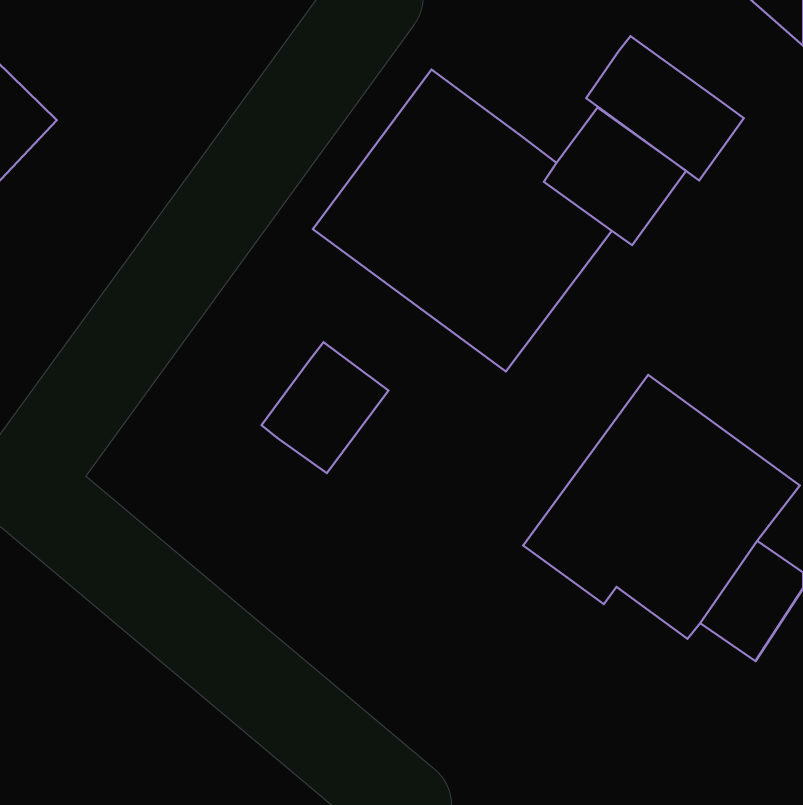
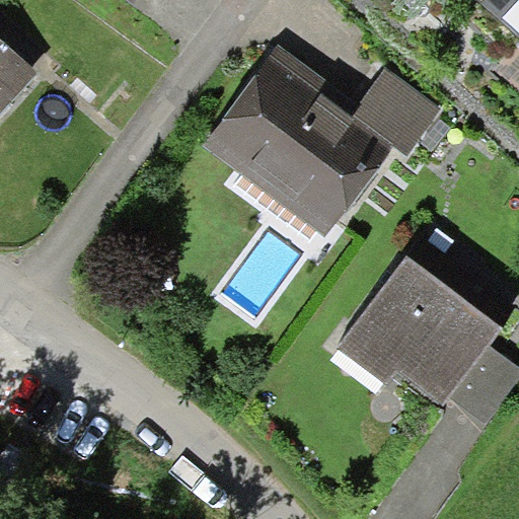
building: [586,36,744,180] -> none
building: [262,342,389,473] -> none

